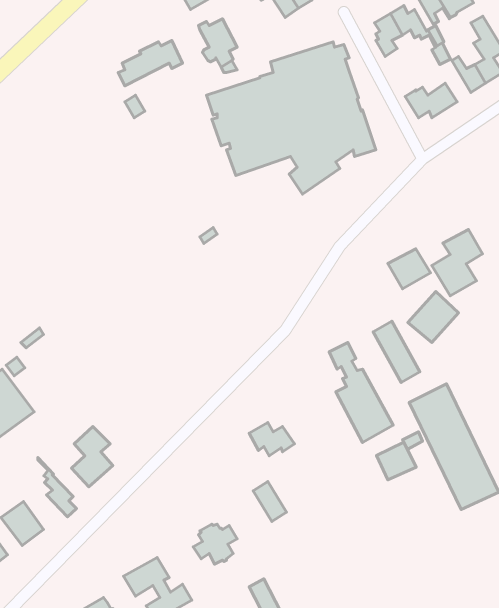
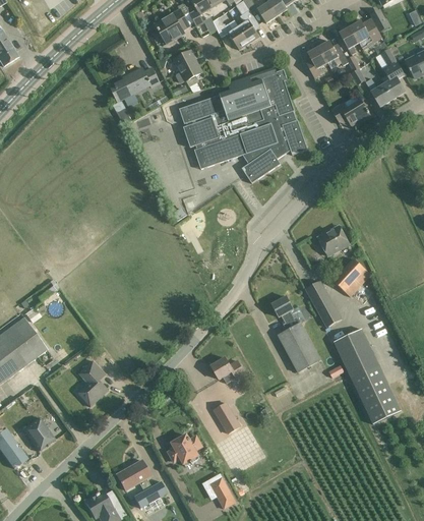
building: [432,229,483,296] -> none
building: [377,442,416,480] -> none
building: [38,458,77,517] -> none

